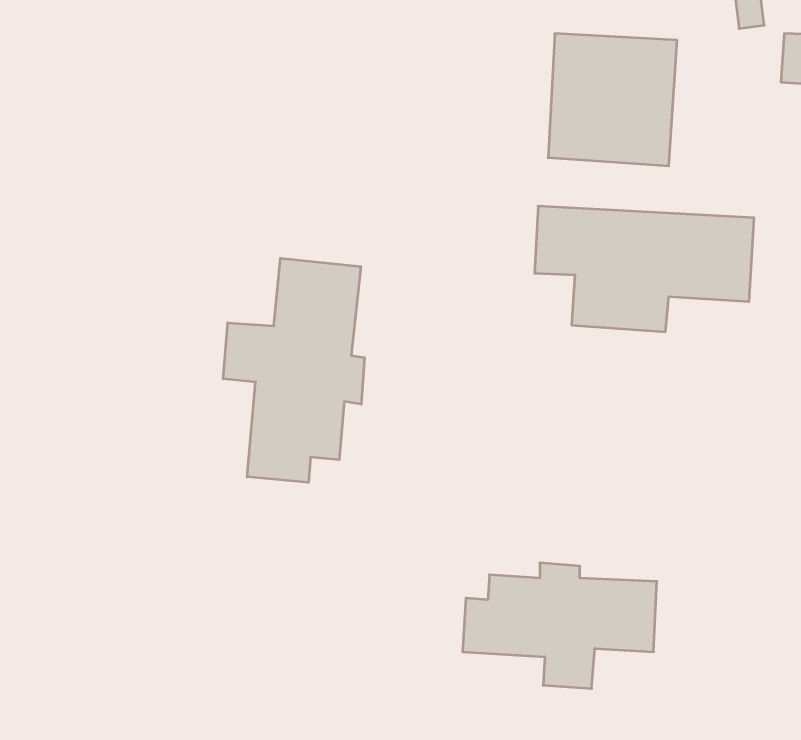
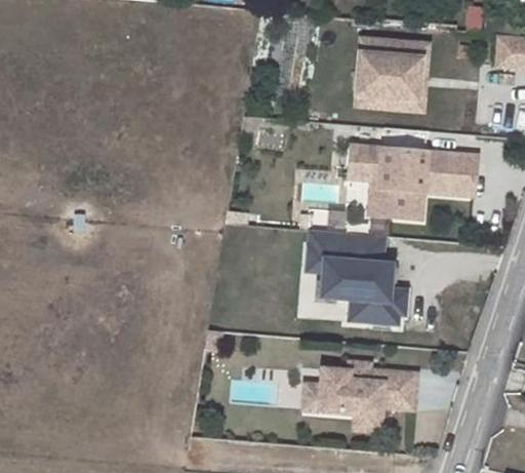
building: [223,258,365,482] -> none
building: none -> [304,232,411,326]

